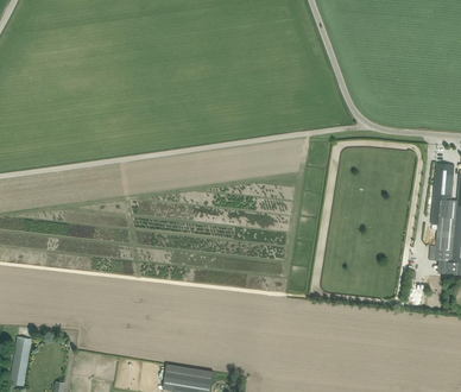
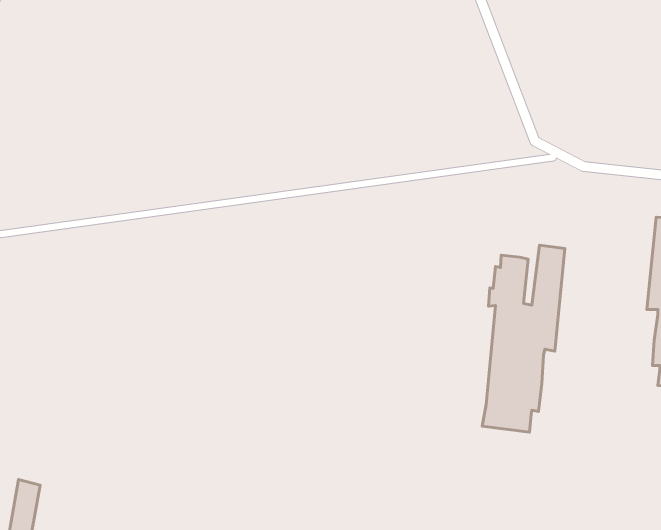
building: none -> [482,245,565,432]

